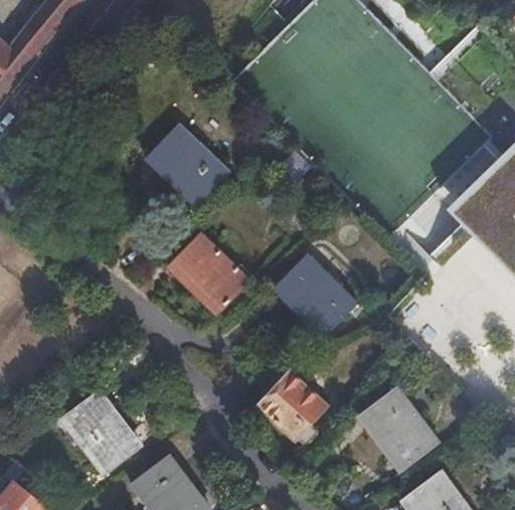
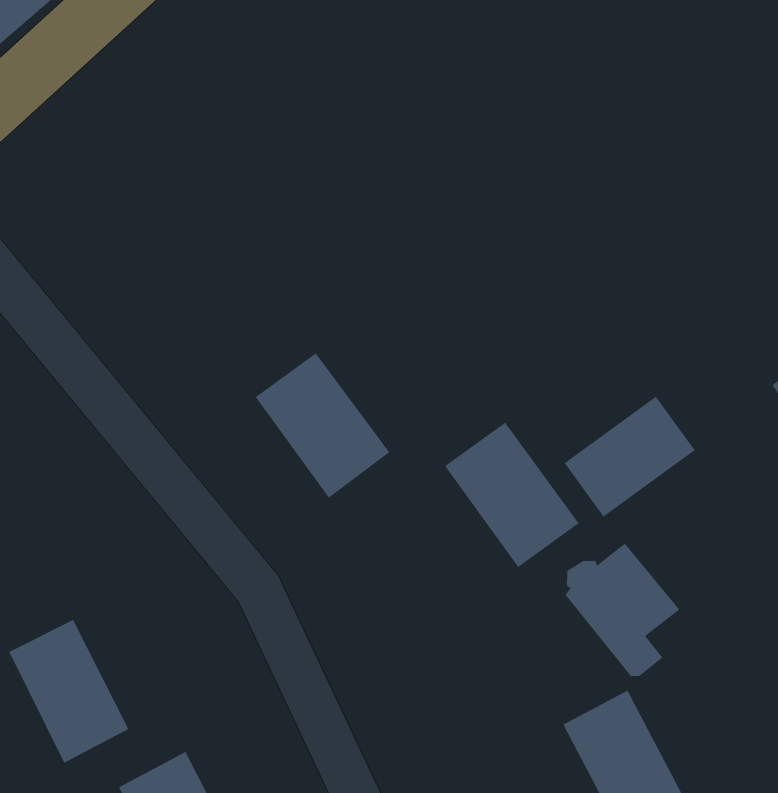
building: [152,123,229,199] -> none
building: none -> [564,396,696,518]
building: [259,373,323,445] -> [565,543,680,676]

